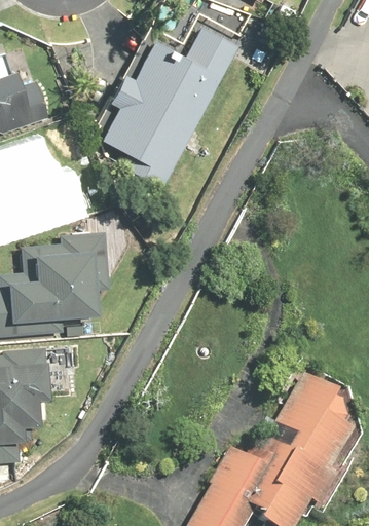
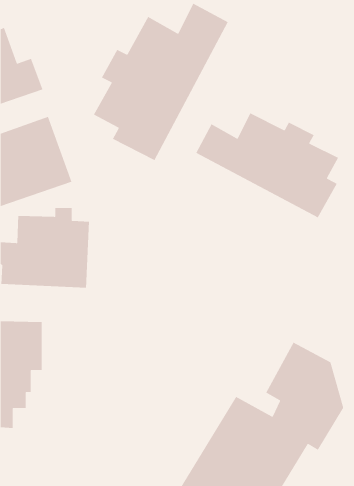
building: none -> [195,112,339,219]

